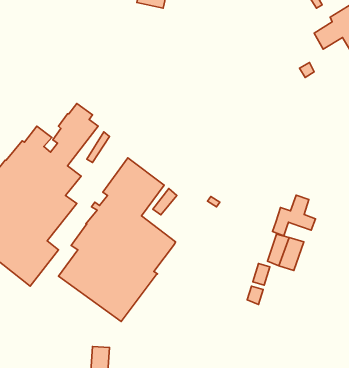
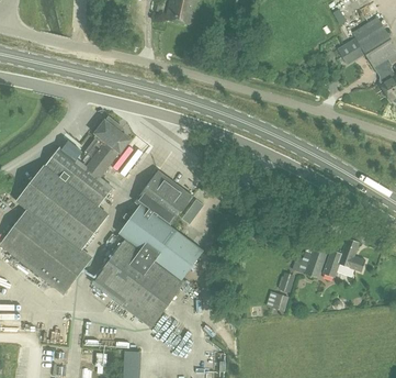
building: [272,195,316,236] -> [323,237,364,277]

